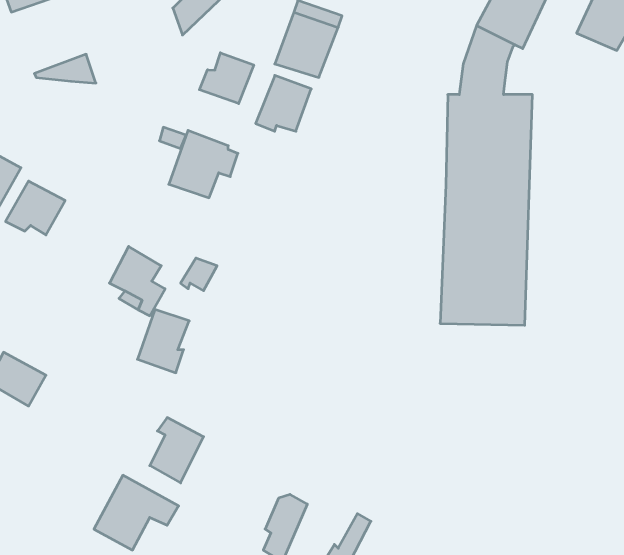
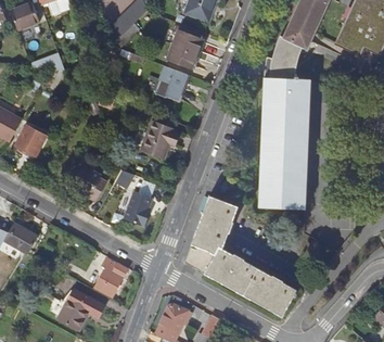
building: [199,53,254,104] -> none
building: [169,130,238,198] -> [140,119,179,157]
building: none -> [183,197,296,316]
building: [137,309,189,373] -> [121,190,151,226]

